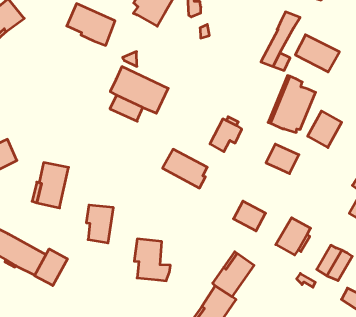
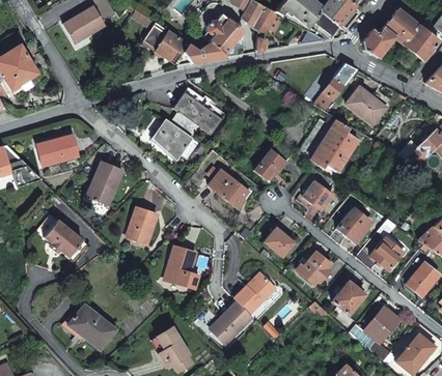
building: none -> [183,41,226,63]
building: none -> [153,119,200,157]
building: [308,111,342,148] -> [337,207,370,241]
building: [35,249,67,286] -> none

